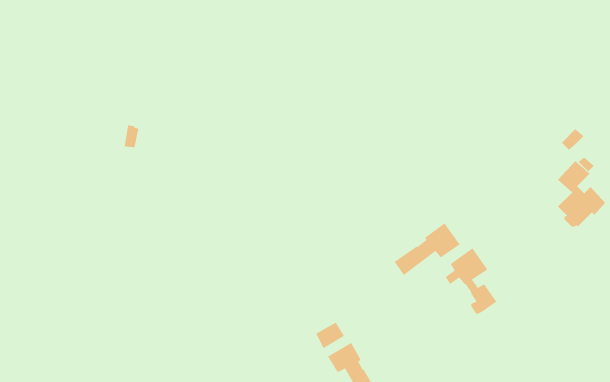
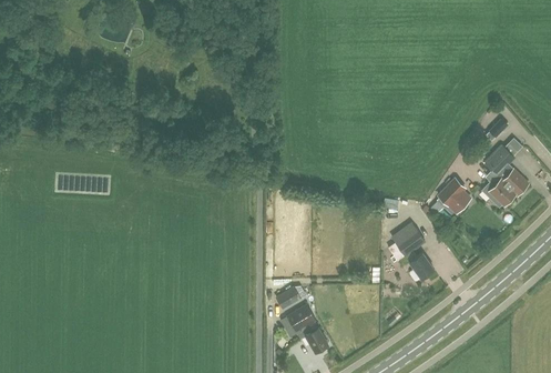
building: none -> [437,178,469,212]
building: [394,222,461,276] -> none

